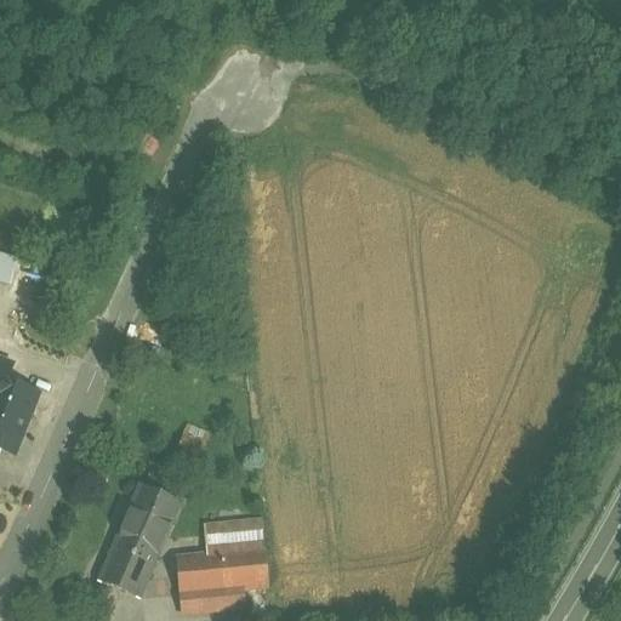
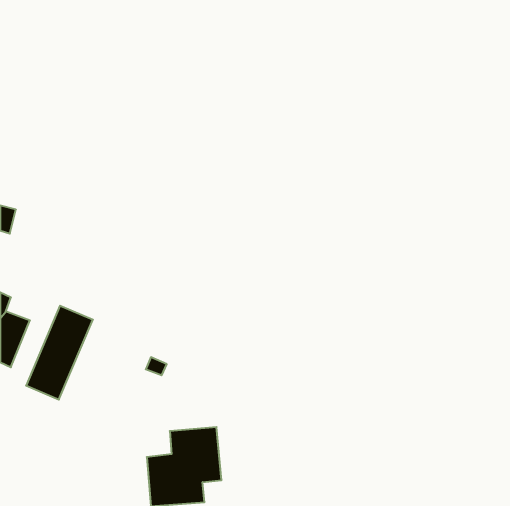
building: [99,482,181,596] -> [26,306,93,400]

